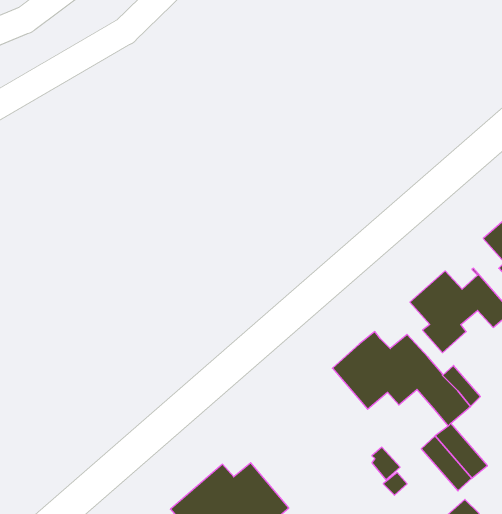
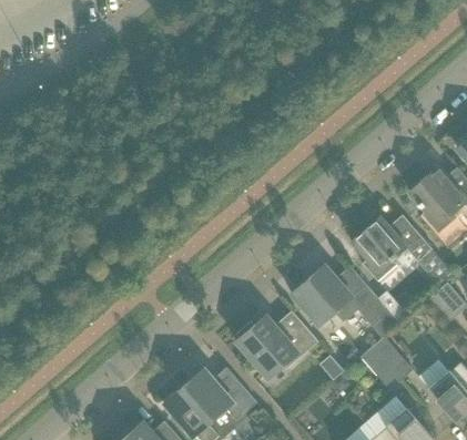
building: none -> [235,310,318,378]

